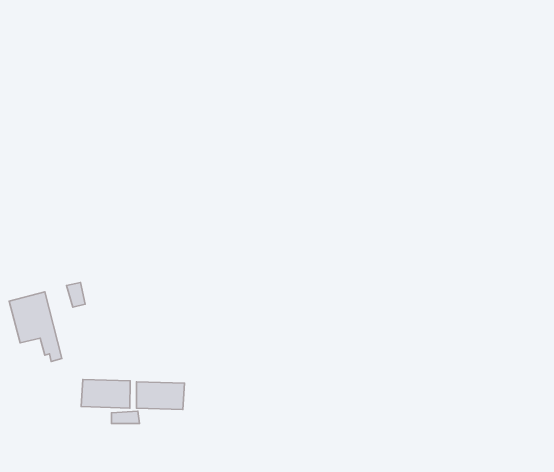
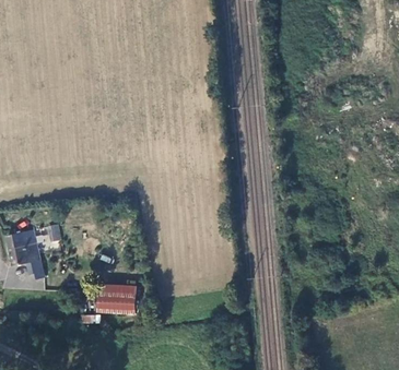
building: [81,379,130,408] -> none

